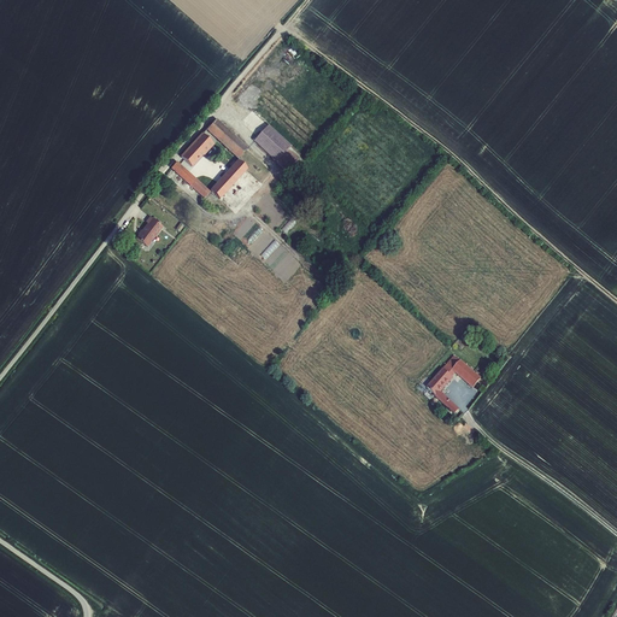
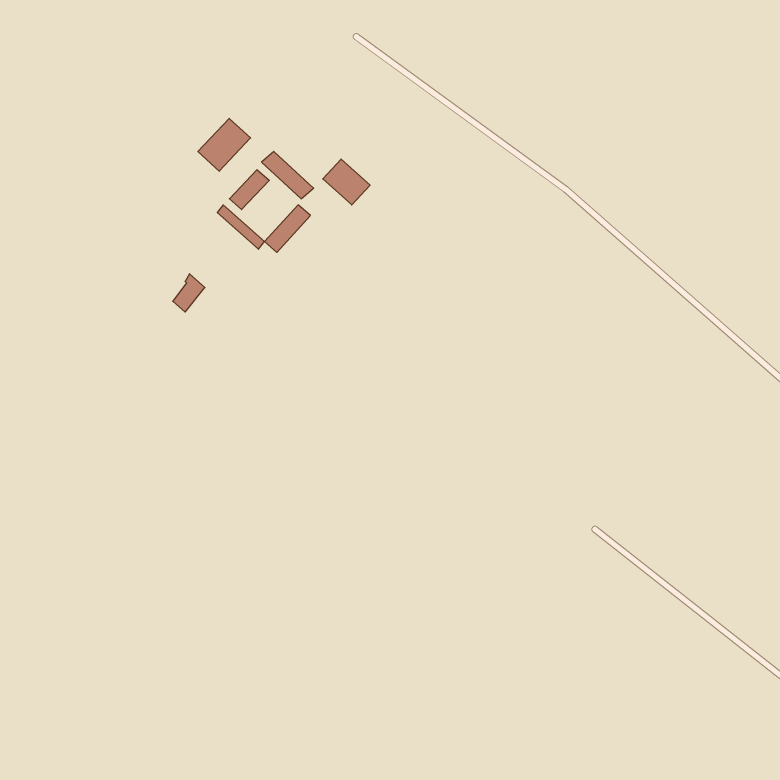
building: none -> [198,118,251,171]
building: [428,355,481,413] -> none

